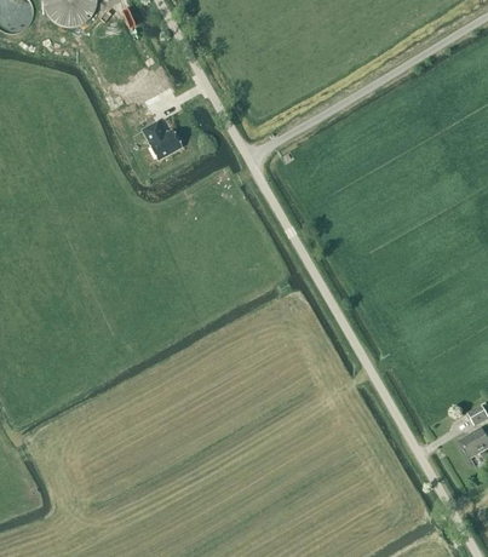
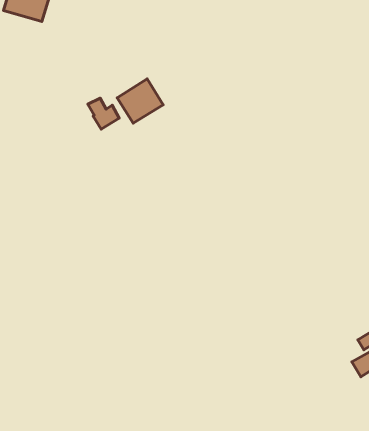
building: none -> [117,79,163,123]

